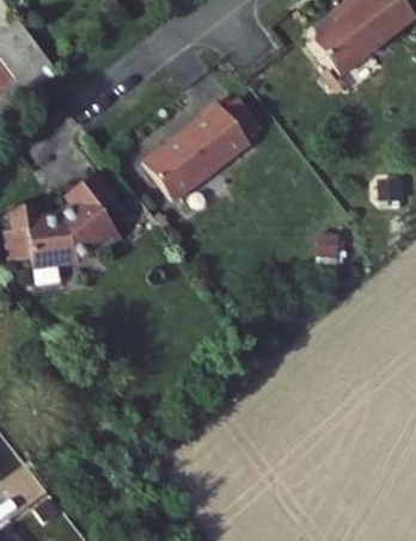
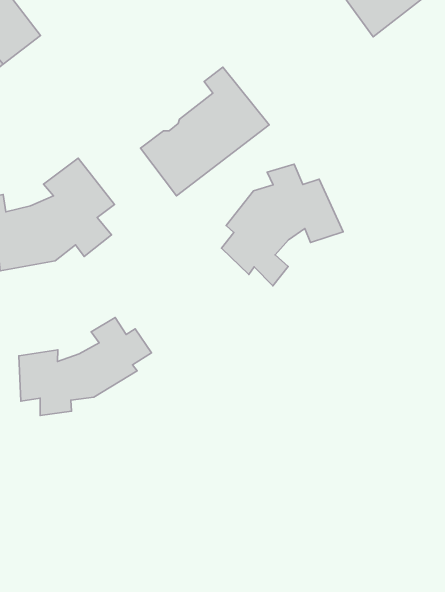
building: none -> [222,164,343,286]
building: none -> [19,318,152,416]

